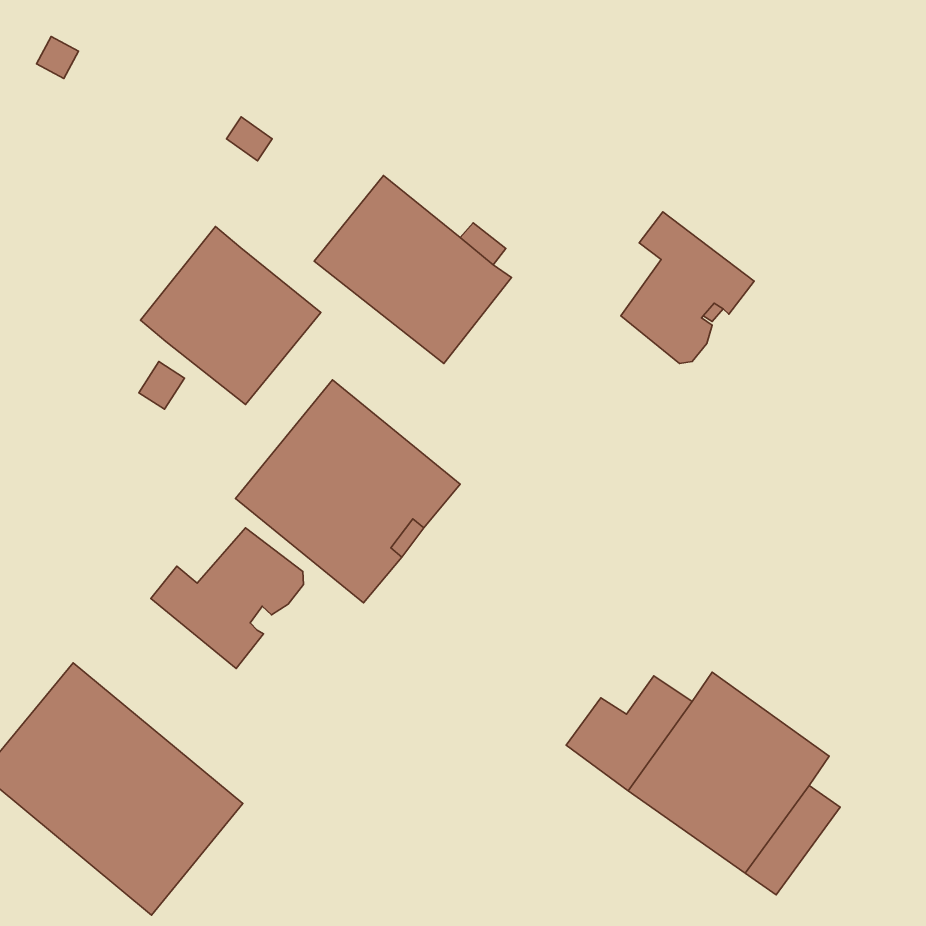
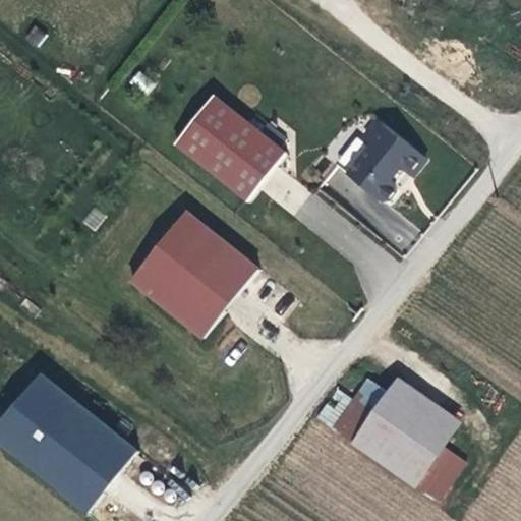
building: [140,227,321,404] -> none
building: [151,528,304,668] -> none

